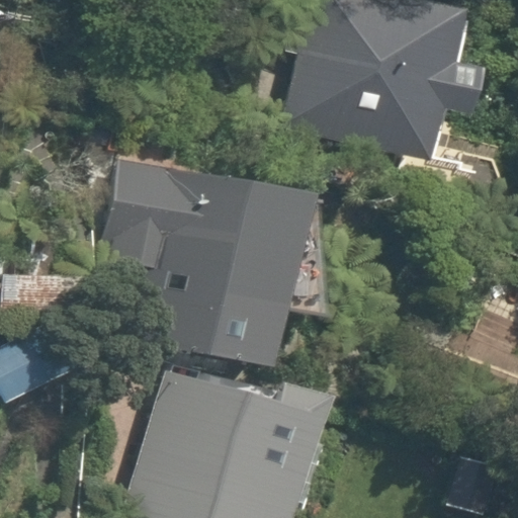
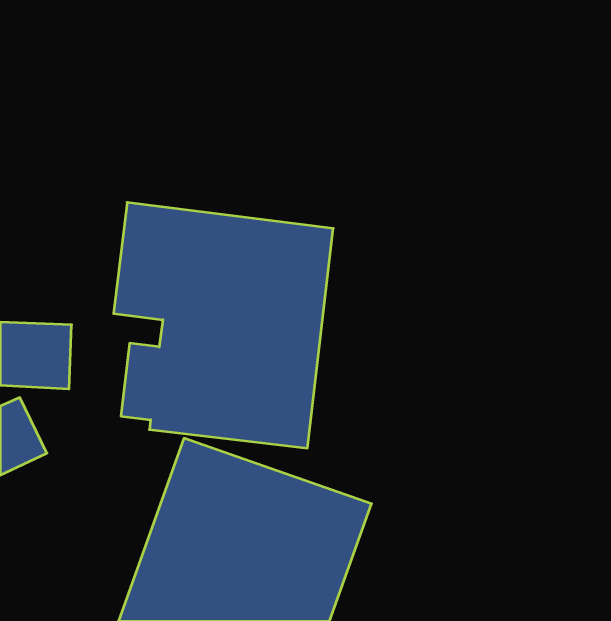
building: [292,18,479,158] -> none

